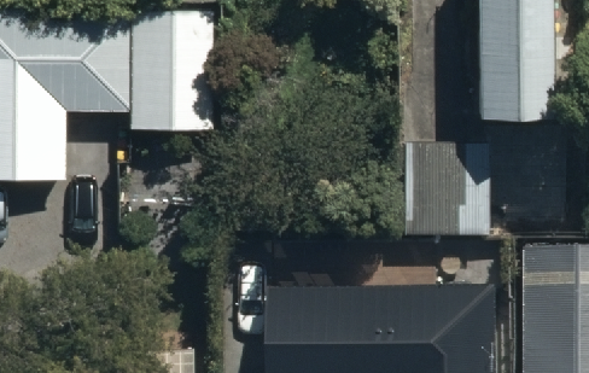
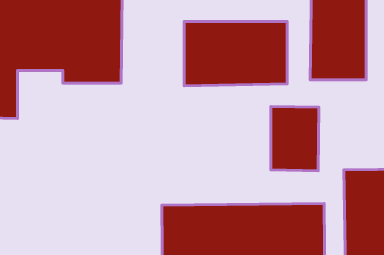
building: none -> [184,22,287,86]

